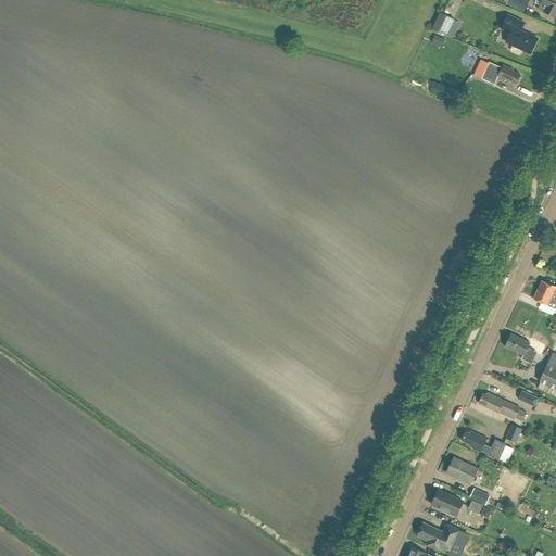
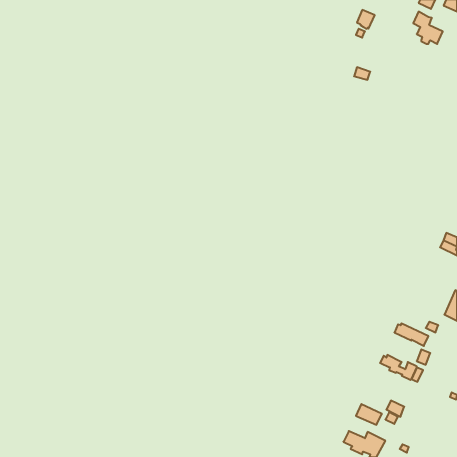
building: [482,61,520,83] -> none
building: [505,333,538,363] -> none
building: [447,457,479,484] -> none

